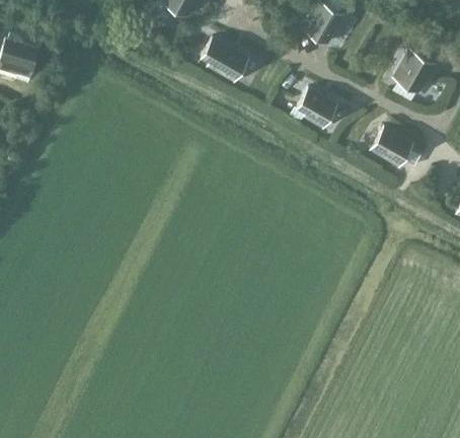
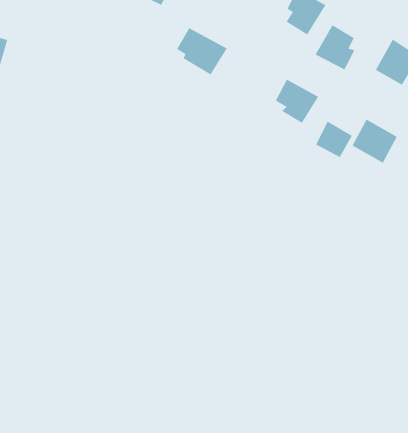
building: none -> [315,24,356,71]
building: none -> [315,121,353,158]

